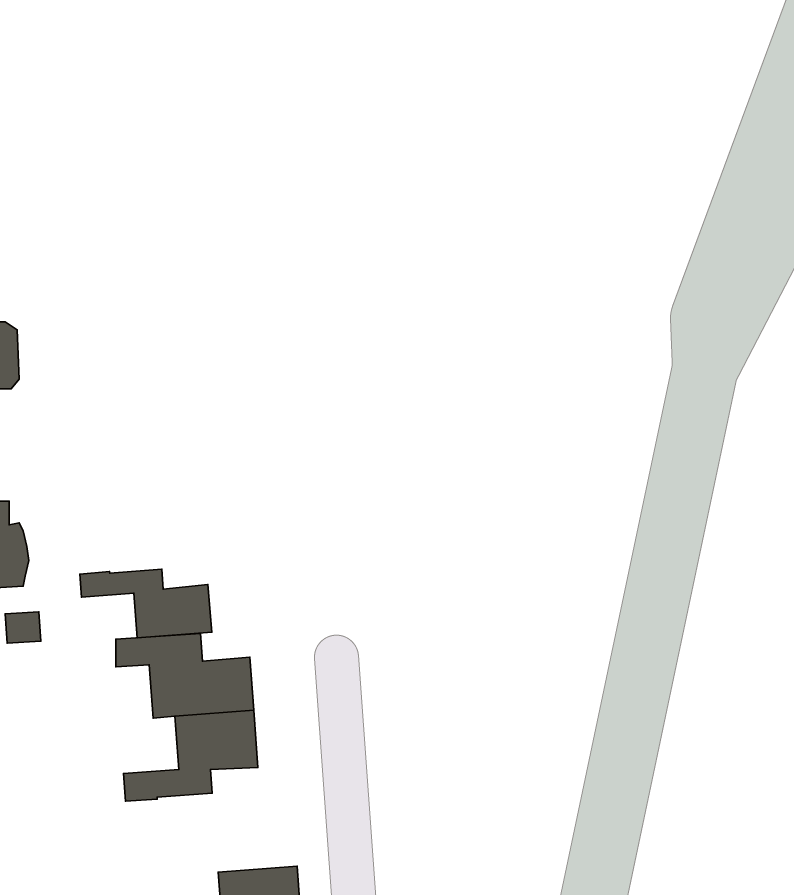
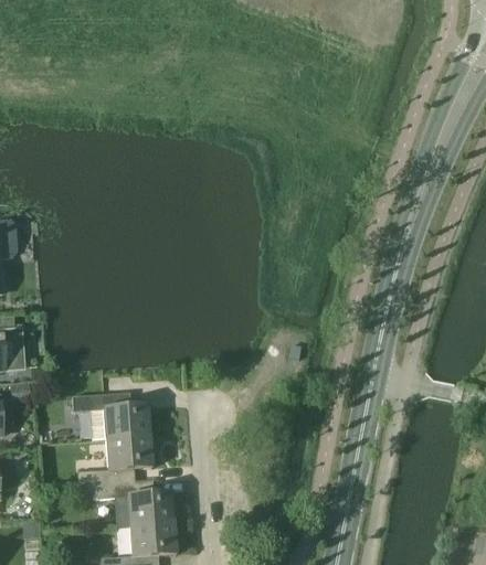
building: [80,569,212,638] -> none
building: none -> [96,481,175,529]

